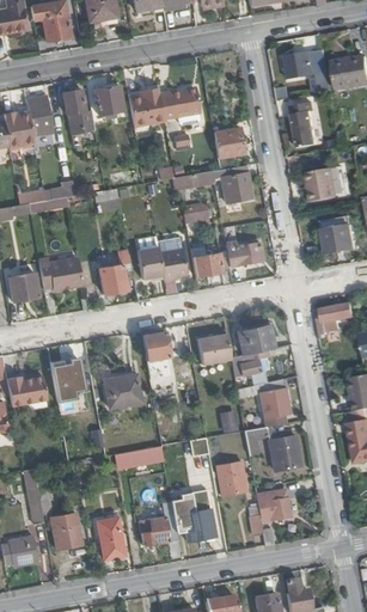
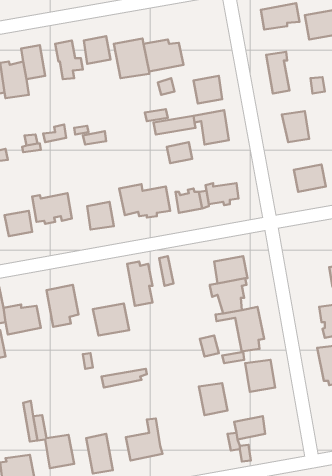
building: [313,301,353,335] -> none
building: [195,330,230,360] -> none
building: [171,495,216,539] -> none

